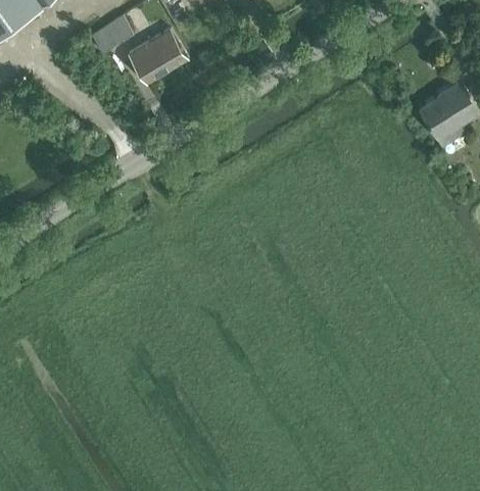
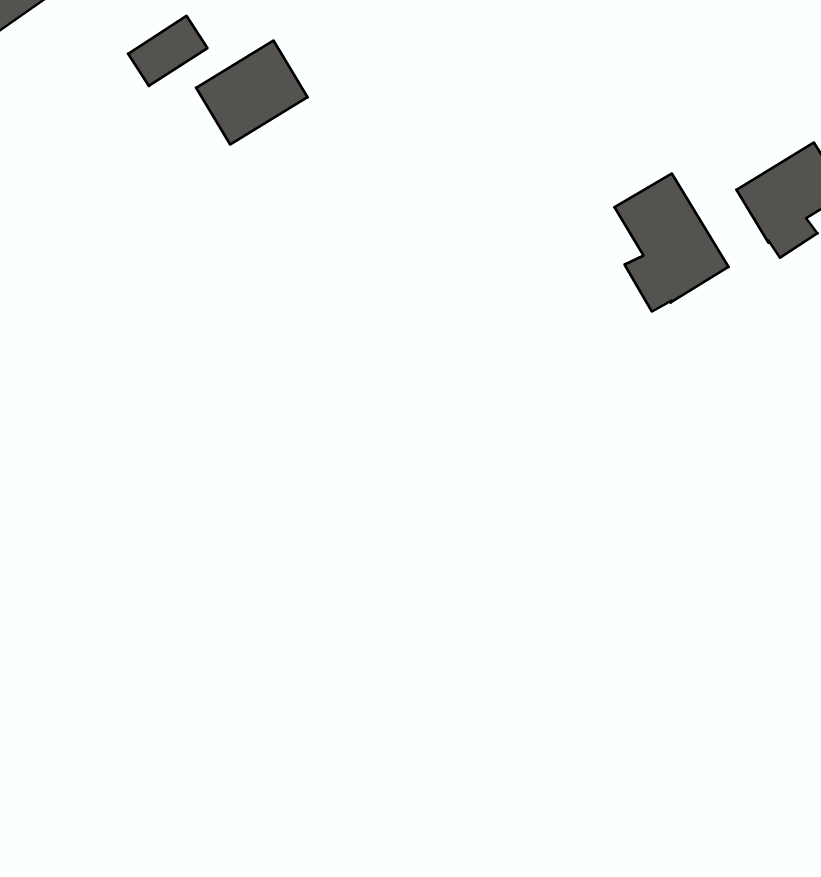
building: none -> [614,174,729,311]

